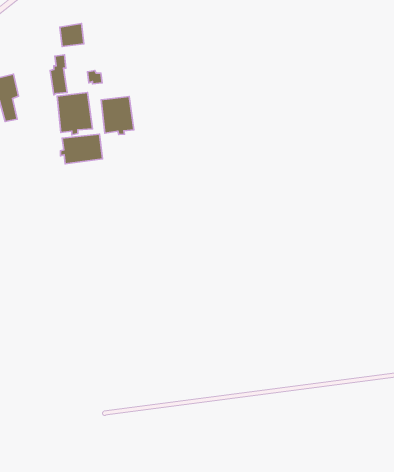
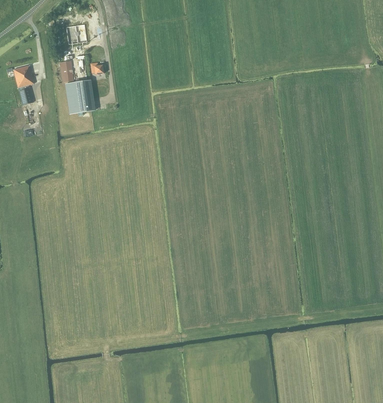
building: [101,96,134,134] -> none
building: [60,134,102,164] -> none

